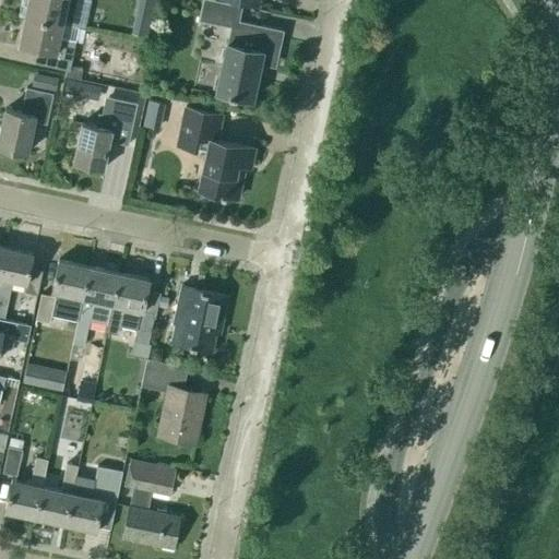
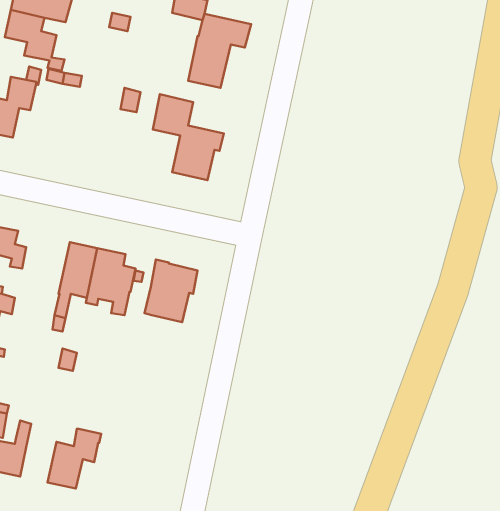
building: [73,97,136,170] -> none
building: [35,260,88,324] -> none
building: [140,359,206,444] -> none
building: [23,365,67,393] -> none
building: [120,459,179,548] -> none
building: [35,465,78,525] -> none

